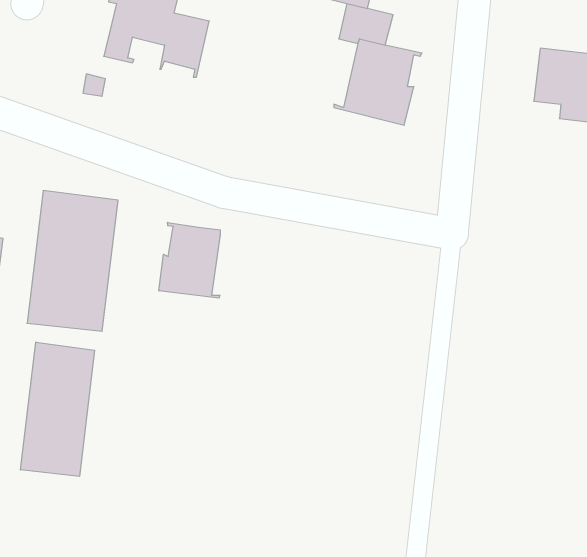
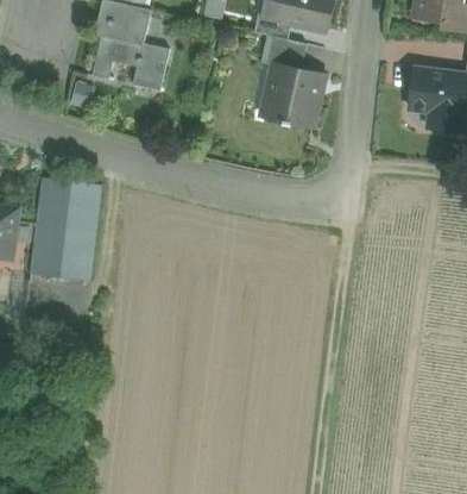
building: [159,222,220,298] -> none
building: [21,342,95,476] -> none

